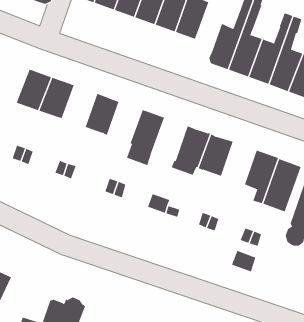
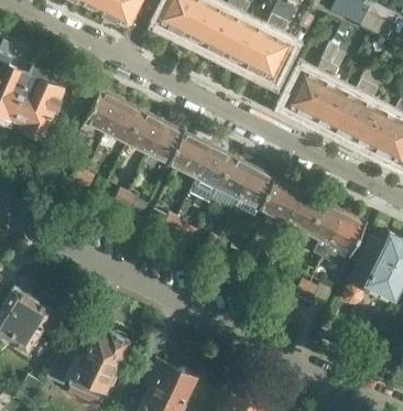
building: none -> [129,113,167,158]
building: none -> [173,136,211,180]
building: none -> [217,158,255,203]
building: none -> [284,191,323,236]

